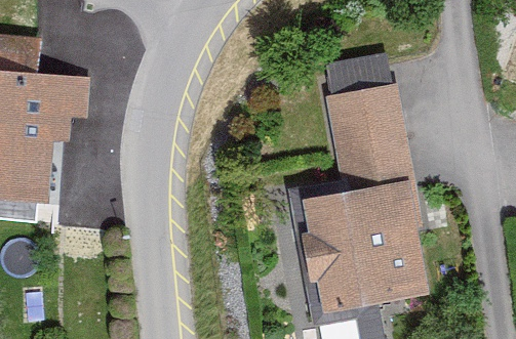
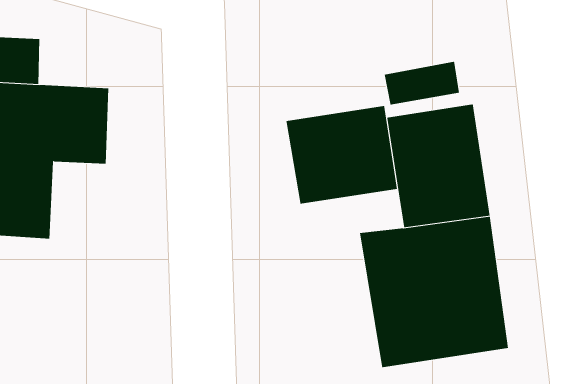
building: none -> [286,105,397,205]

